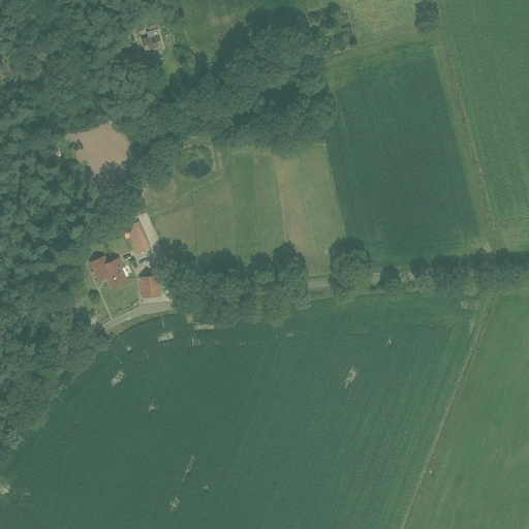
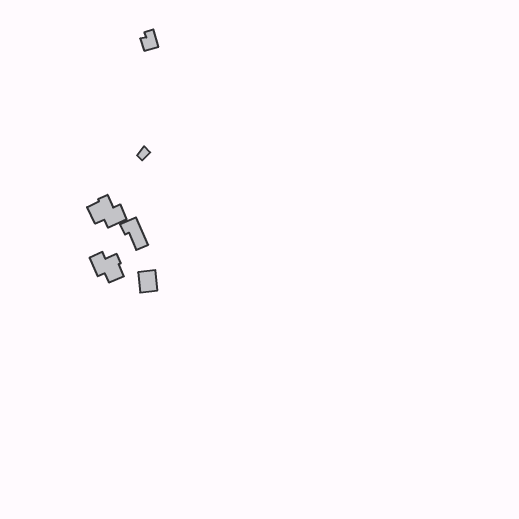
building: none -> [87,195,127,228]

